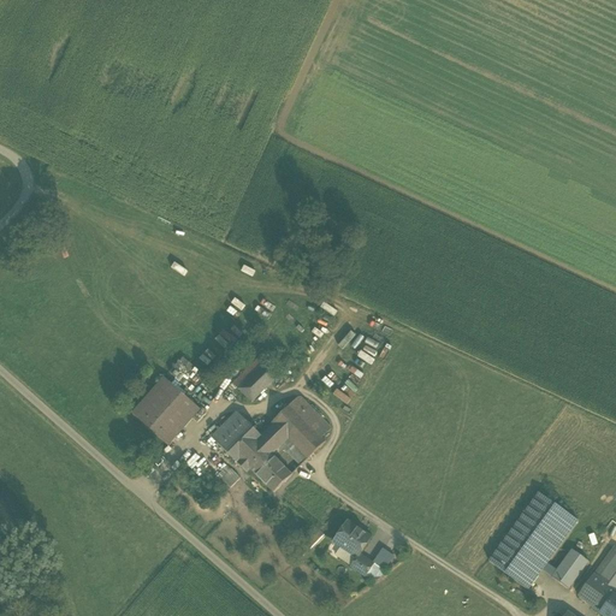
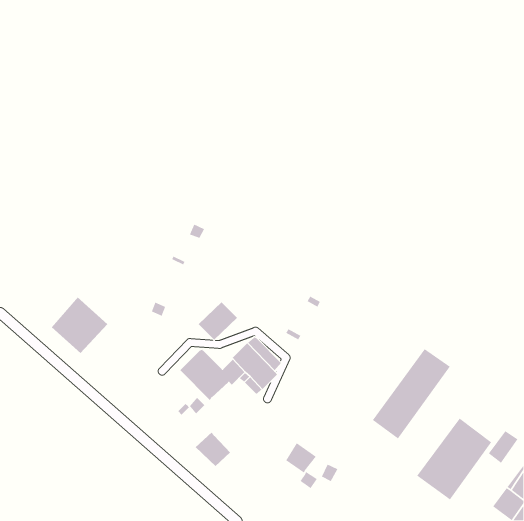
building: [132,375,200,443] -> [51,296,108,354]
building: none -> [372,348,451,439]
building: [249,449,291,490] -> [195,432,231,467]
building: [552,547,588,587] -> [488,430,519,464]

